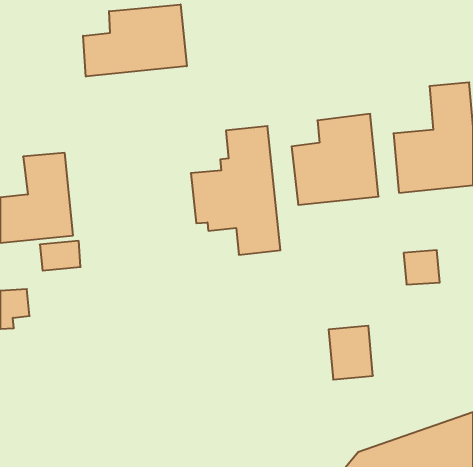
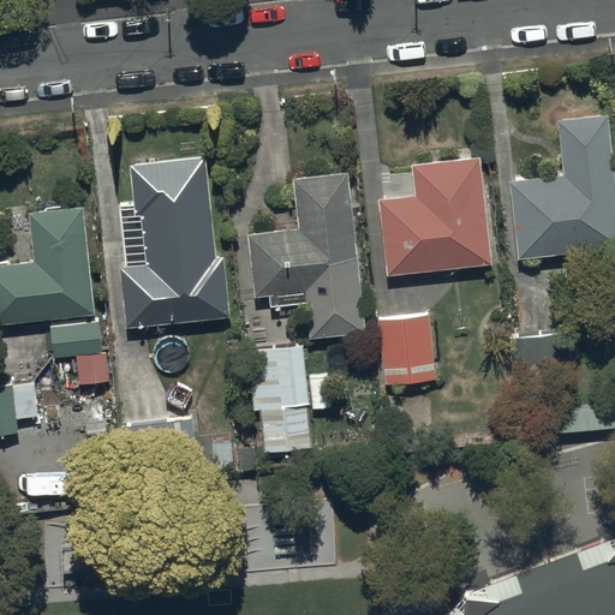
building: [83,4,187,77] -> none
building: none -> [123,156,229,327]
building: none -> [246,344,332,452]
building: [329,326,373,380] -> [378,316,436,386]

